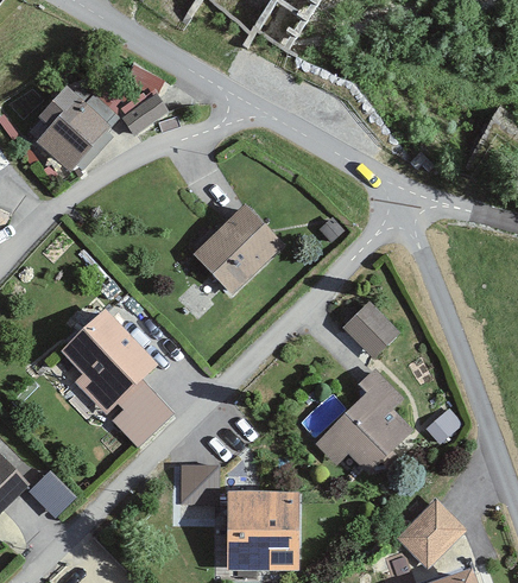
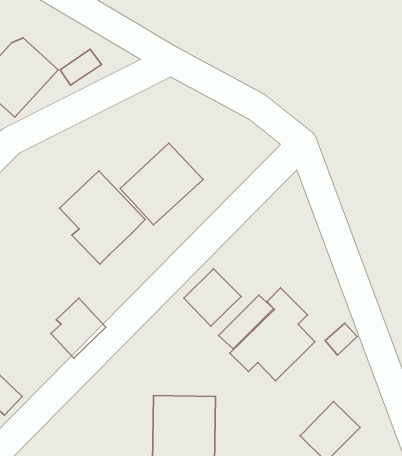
building: [340,300,397,359] -> none
building: [58,309,157,416] -> [59,171,145,264]
building: none -> [184,269,241,326]
building: [178,465,217,505] -> none

